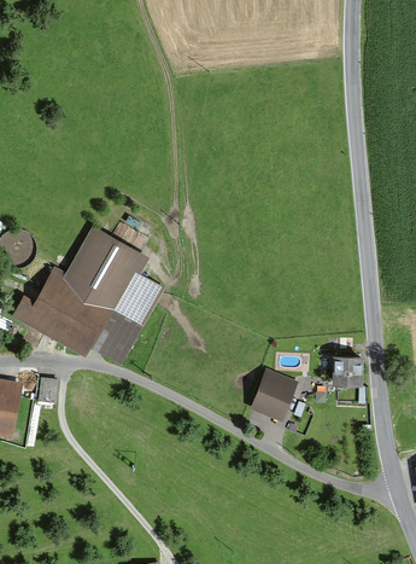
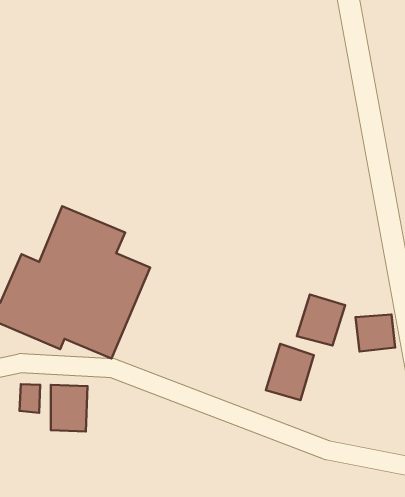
building: none -> [297,294,345,345]
building: none -> [51,385,88,431]

